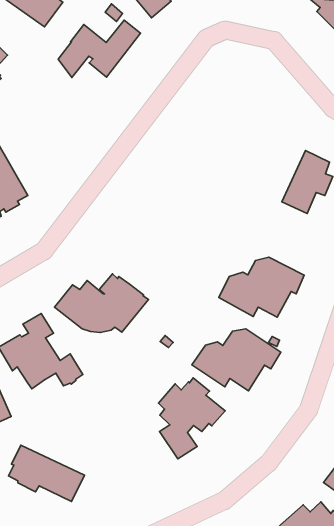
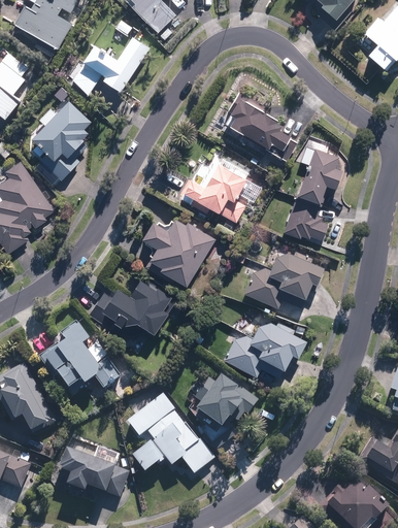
building: none -> [32,99,92,180]
building: none -> [226,91,298,161]
building: none -> [180,161,247,223]
building: none -> [284,197,329,240]
building: none -> [142,218,217,287]
building: none -> [128,394,215,474]

